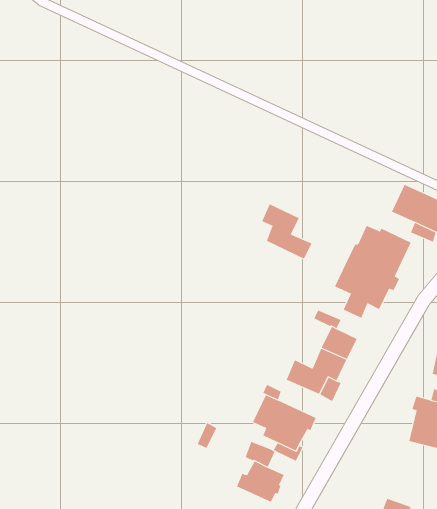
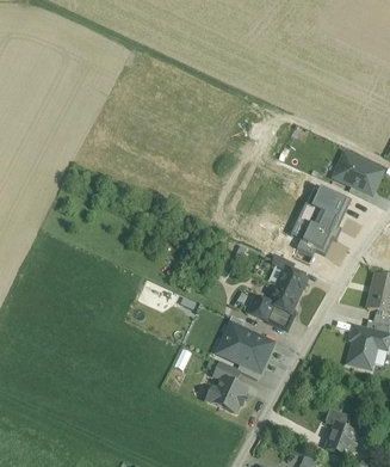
building: [262,204,312,259] -> none

